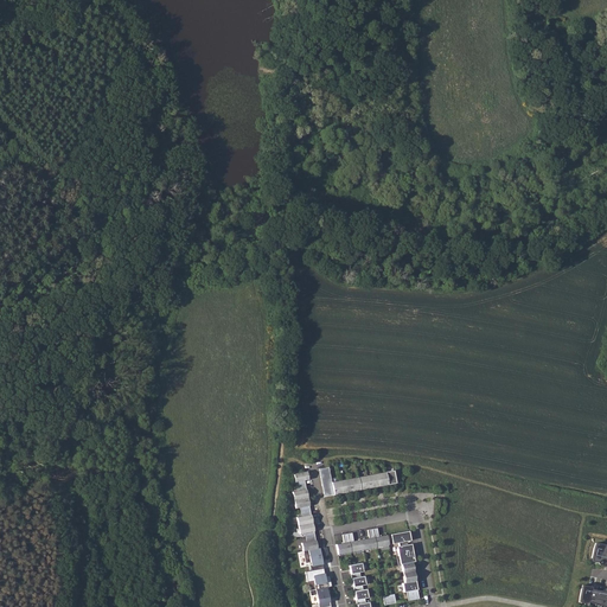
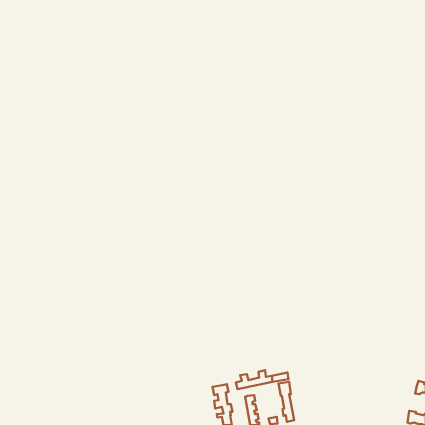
building: [320,466,397,496] -> none
building: [293,471,318,550] -> none

